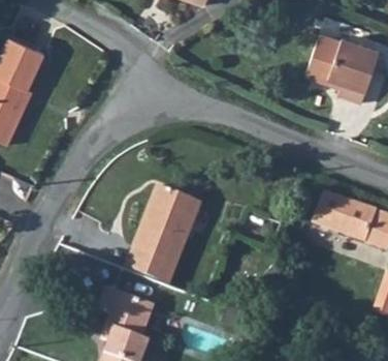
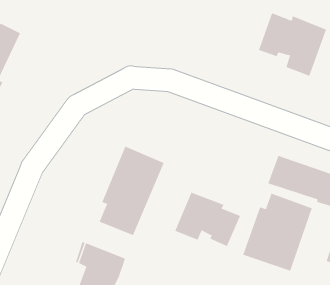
building: none -> [175,192,241,247]
building: none -> [243,193,313,272]

